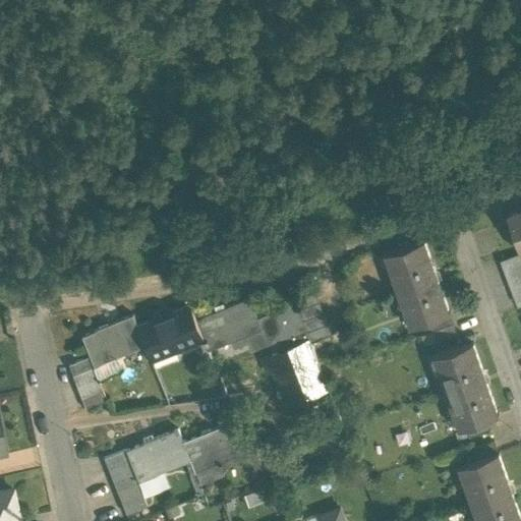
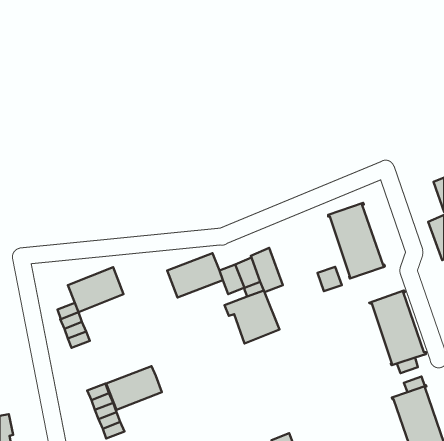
building: [137,309,202,360] -> none
building: [427,316,456,345] -> [318,267,342,291]
building: [182,422,247,475] -> none

